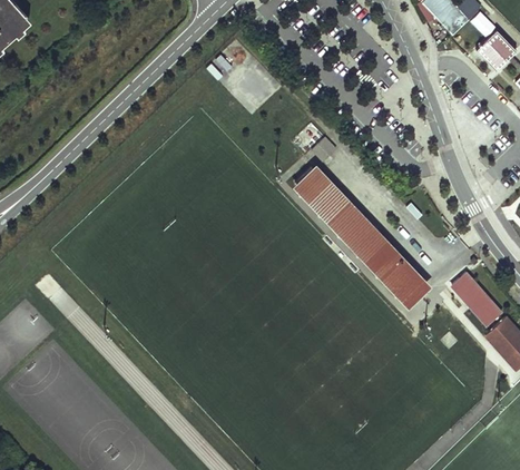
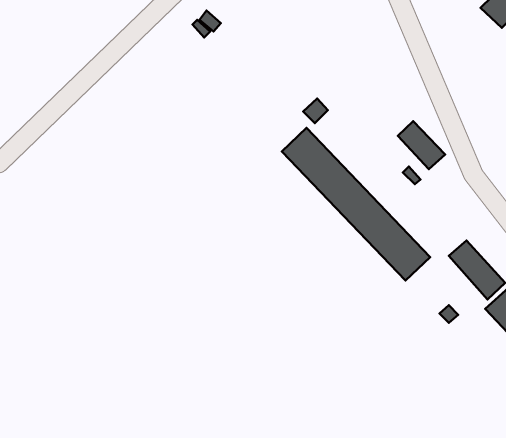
building: none -> [398,121,445,169]

